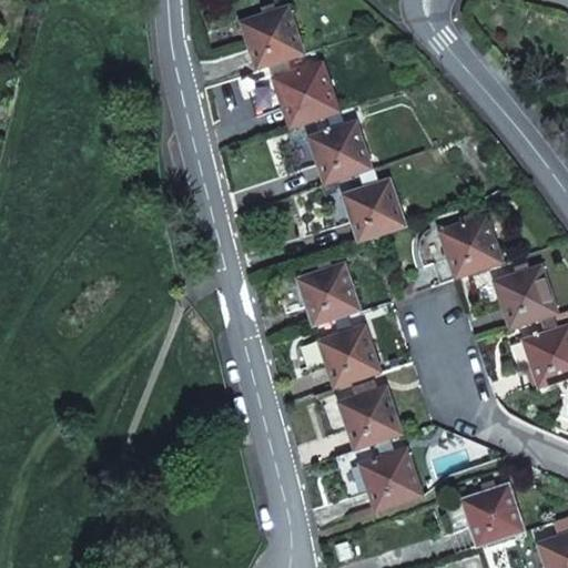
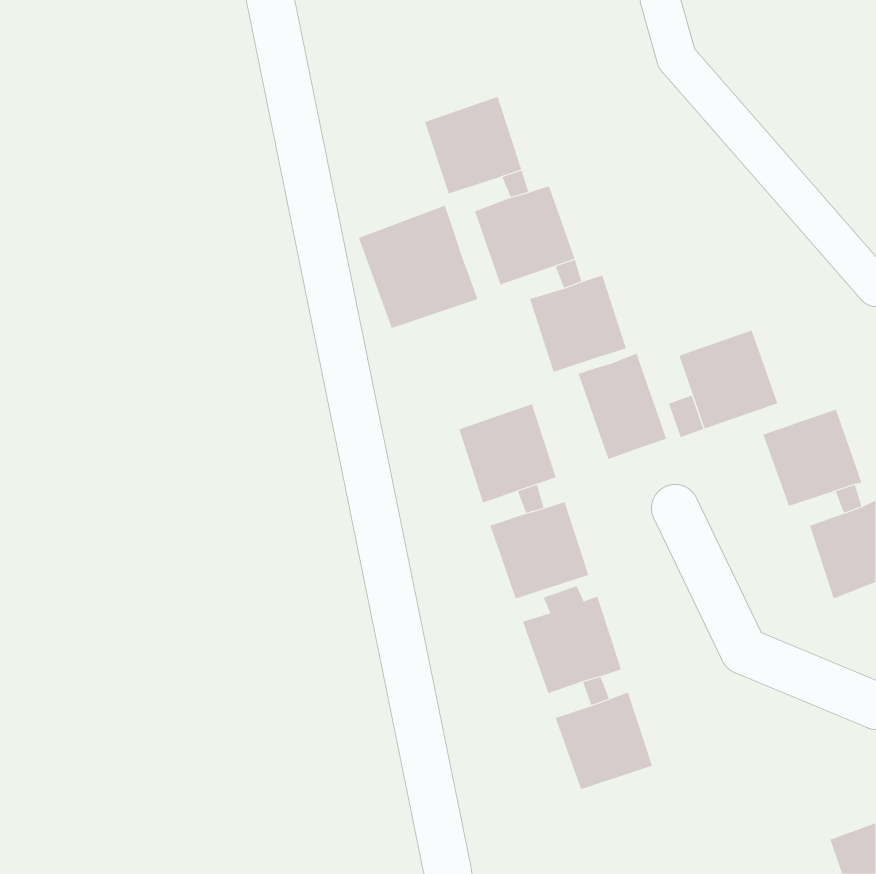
building: [240,6,304,69] -> none
building: none -> [358,205,478,329]
building: none -> [578,353,667,460]
building: [462,483,524,546] -> none

